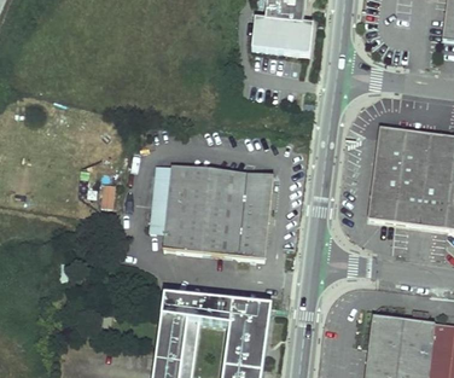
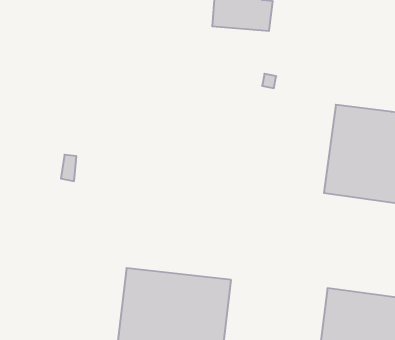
building: [155,163,275,258] -> none

